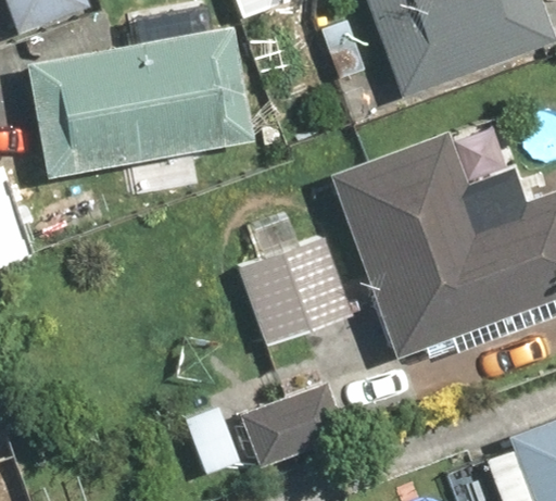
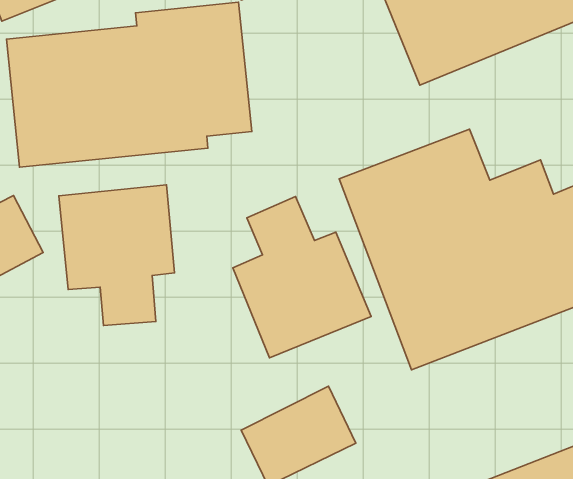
building: none -> [59,185,174,326]

